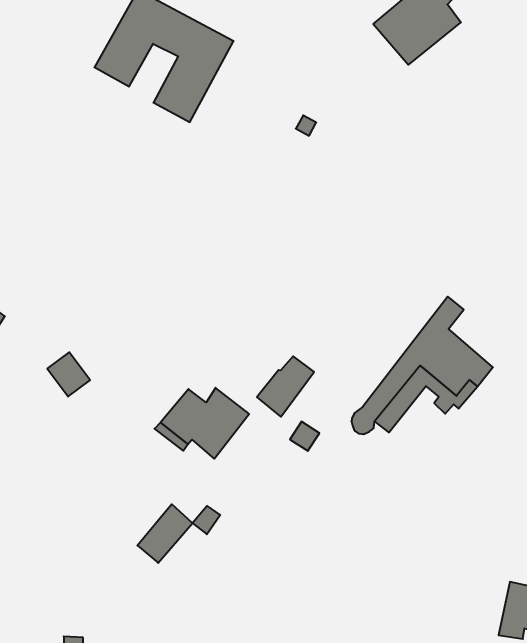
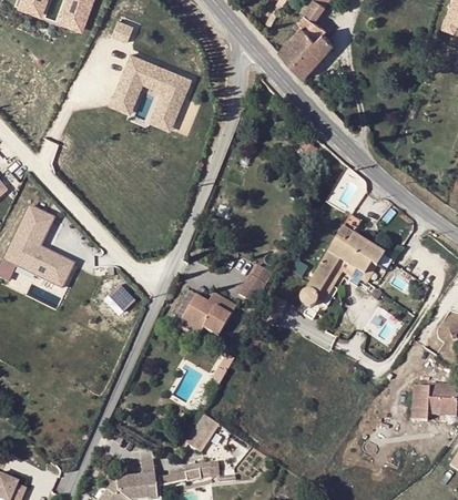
building: [137,504,192,563] -> [185,414,217,451]

